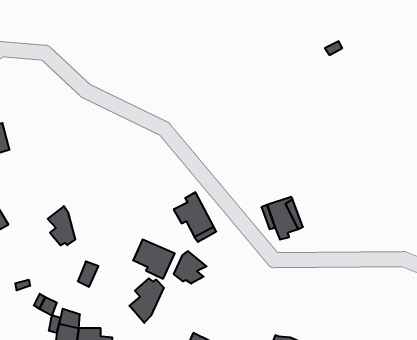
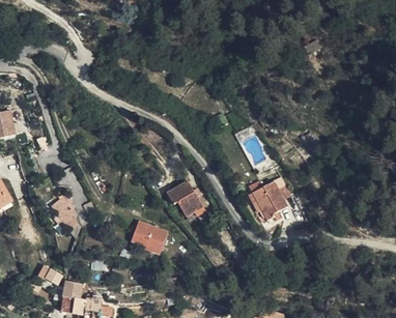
building: [174,251,207,284] -> none
building: [129,278,164,323] -> none

